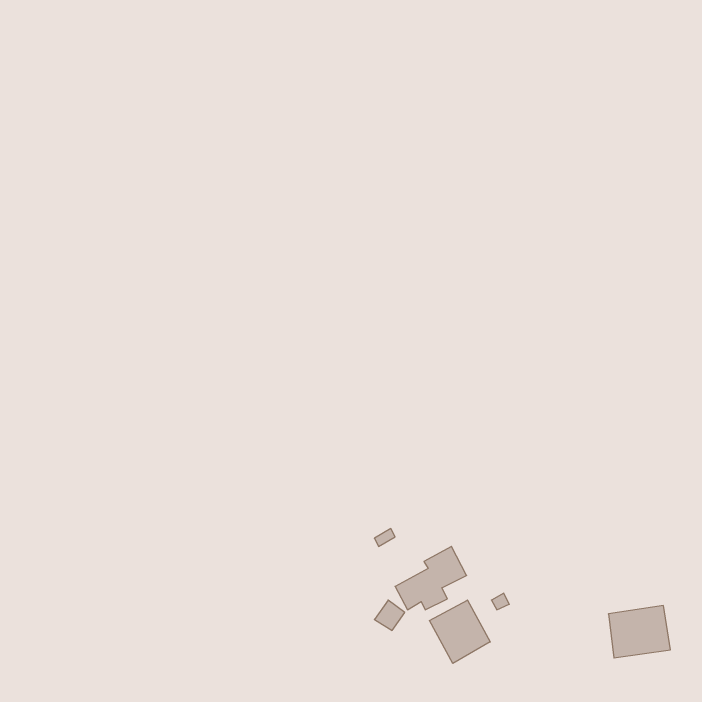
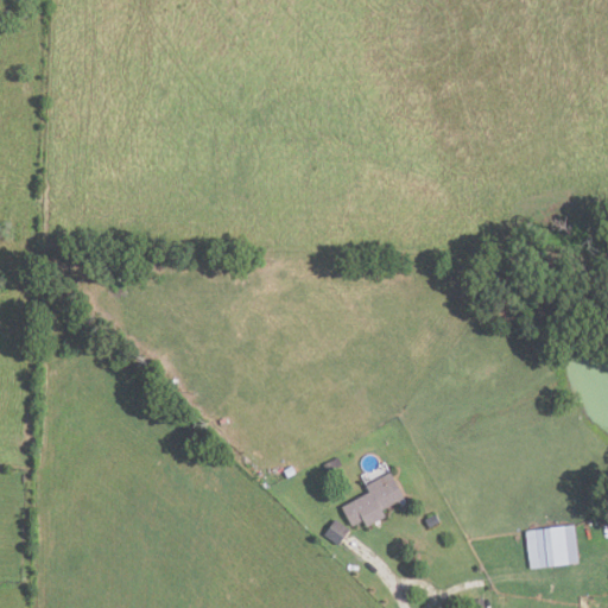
building: [429,600,490,663] -> none

